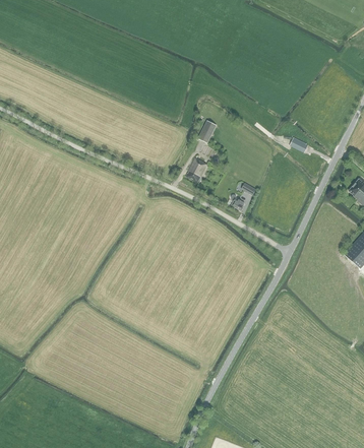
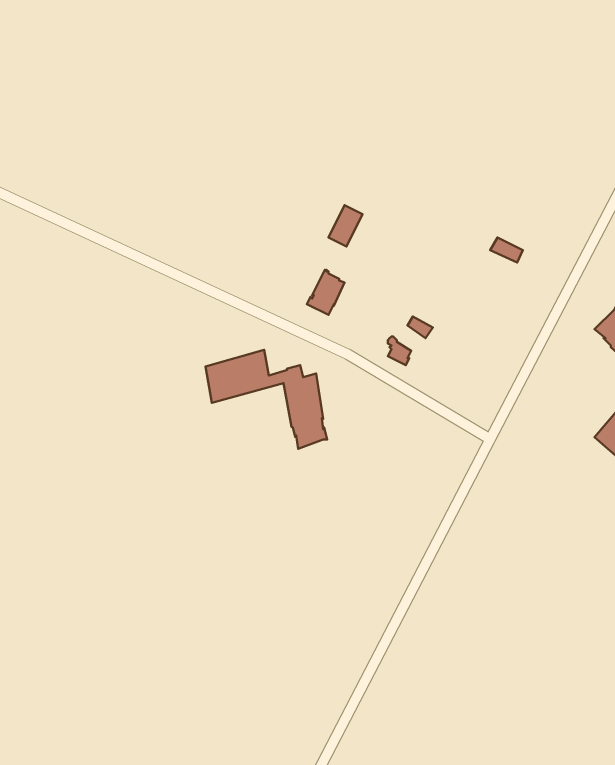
building: none -> [206,350,327,449]

